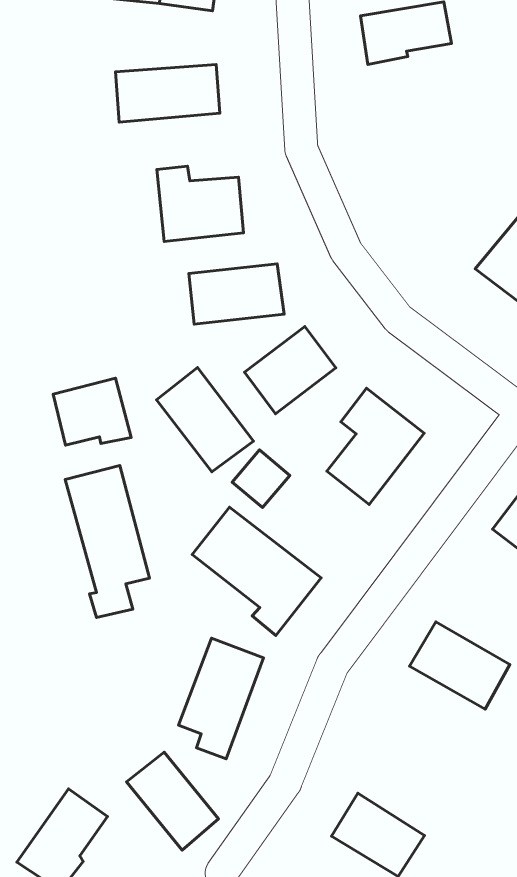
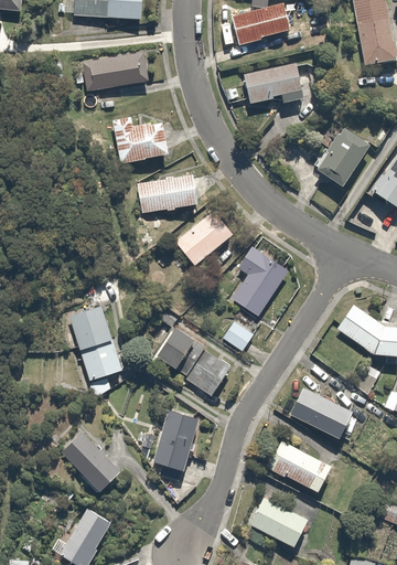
building: none -> [243,63,305,105]
building: [156,368,253,472] -> none
building: [53,378,131,445] -> none
building: [232,450,290,507] -> [221,317,256,352]
building: none -> [267,440,331,493]
building: [126,752,218,850] -> [61,433,119,492]

